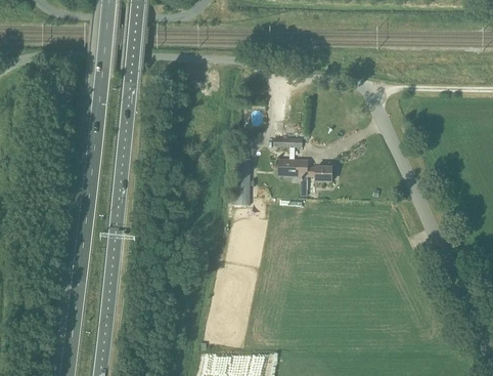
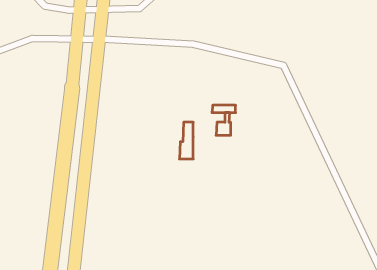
building: [293,160,332,197] -> none

